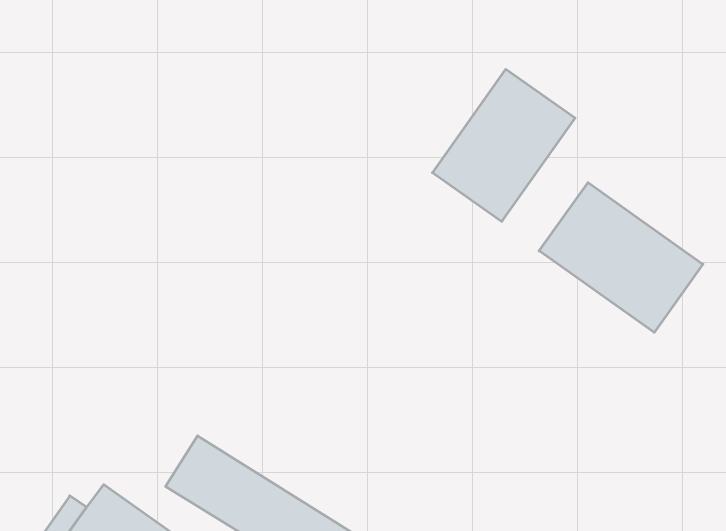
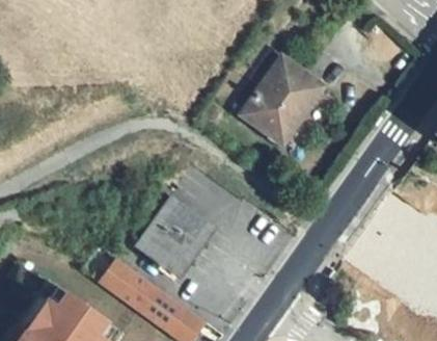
building: [539,183,703,332] -> none
building: none -> [137,196,209,272]

